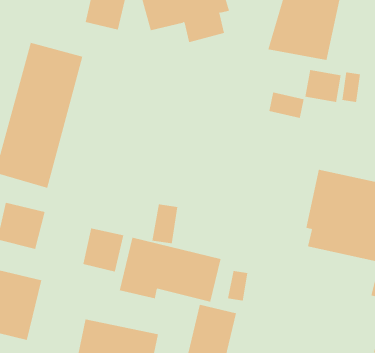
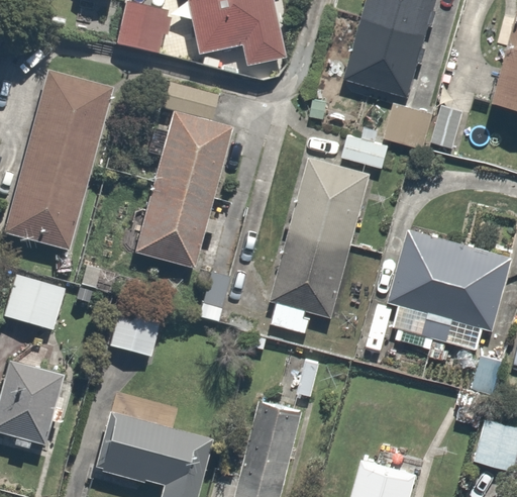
building: none -> [132,112,232,269]
building: none -> [272,159,368,331]
building: [119,237,221,302] -> none

